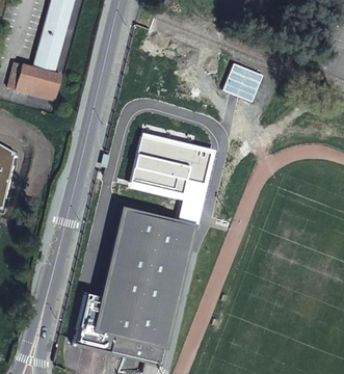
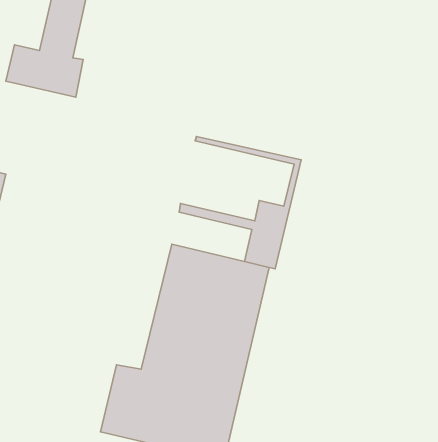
building: [224,62,265,101] -> none
building: [132,133,213,190] -> none

